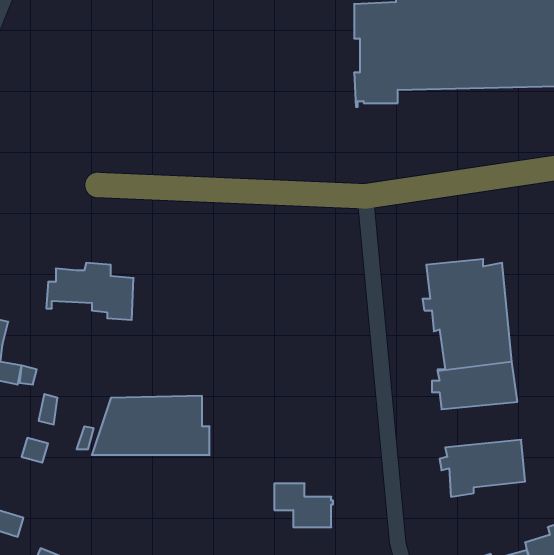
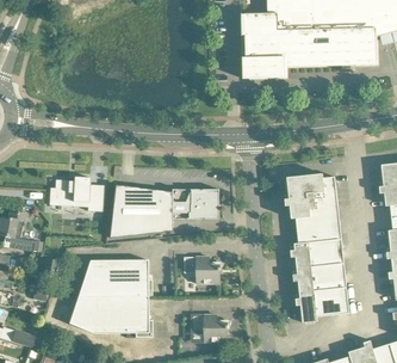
building: none -> [108,184,219,236]
building: none -> [185,256,221,283]
building: none -> [293,263,347,291]
building: none -> [69,296,153,337]

